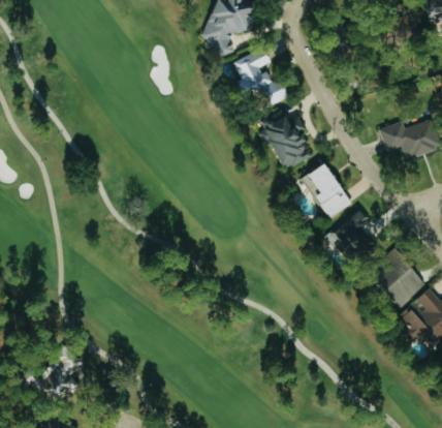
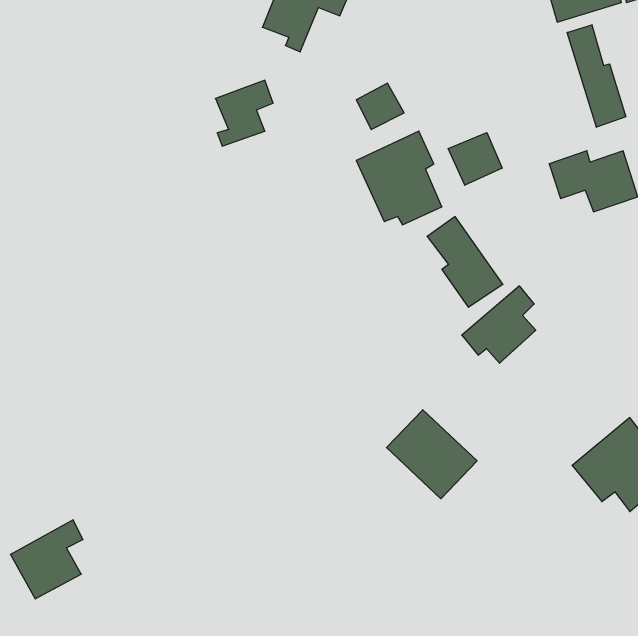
building: none -> [567,25,626,127]
building: [235,48,272,89] -> [215,80,273,146]
building: none -> [448,133,502,185]
building: [368,252,424,308] -> [386,410,477,499]

